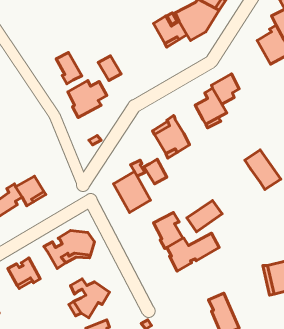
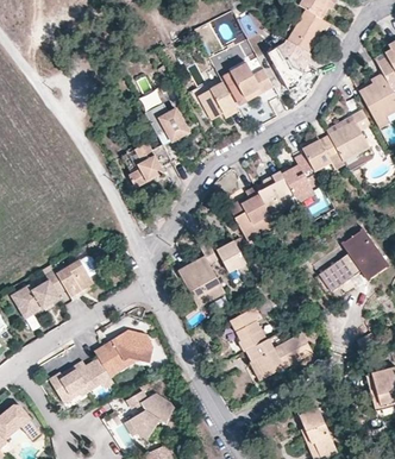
building: none -> [199,81,238,118]
building: [56,53,82,84] -> none
building: none -> [327,108,371,162]
building: none -> [257,171,293,208]
building: [187,201,222,232] -> [319,252,363,291]
building: none -> [74,357,113,390]

